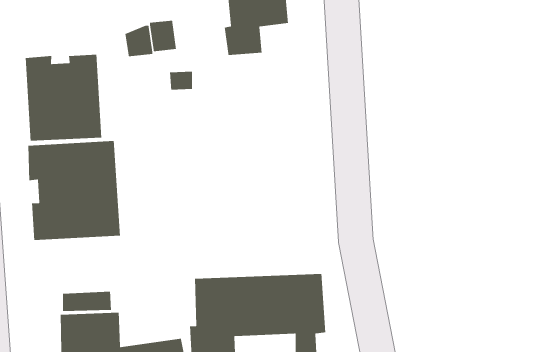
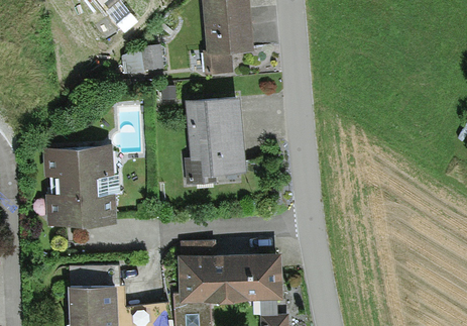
building: [25,54,102,142] -> none
building: none -> [185,97,246,187]

